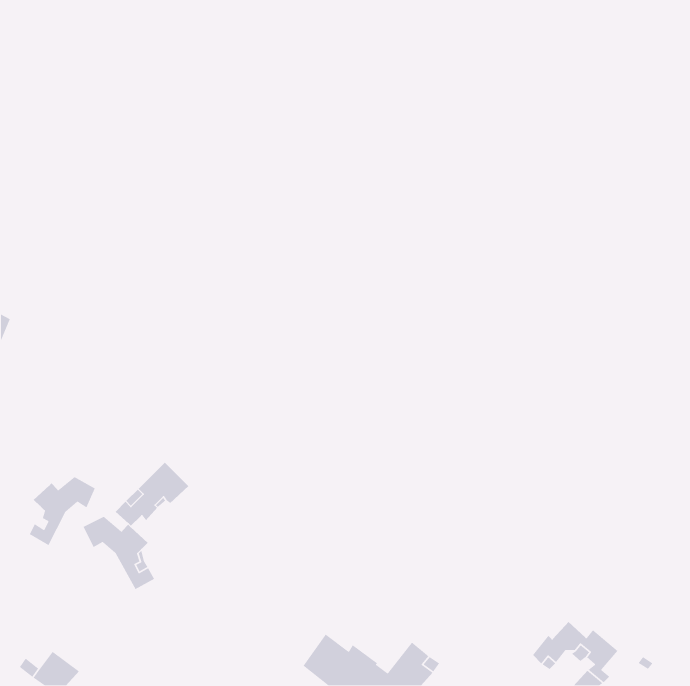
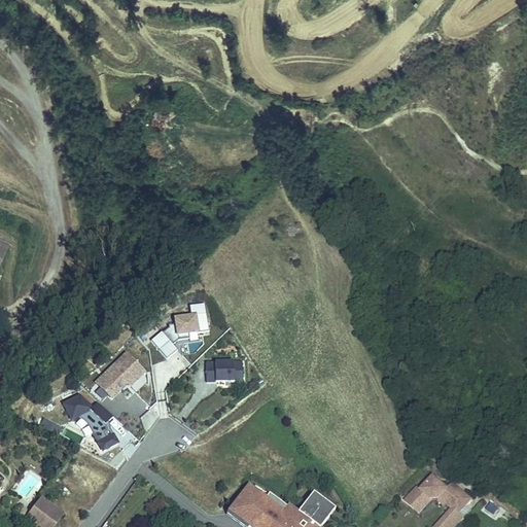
building: none -> [150,301,209,357]
building: none -> [206,359,243,380]
building: [29,476,96,546] -> none

